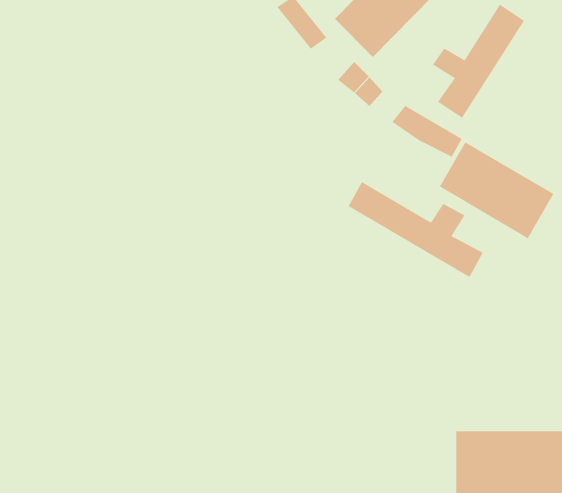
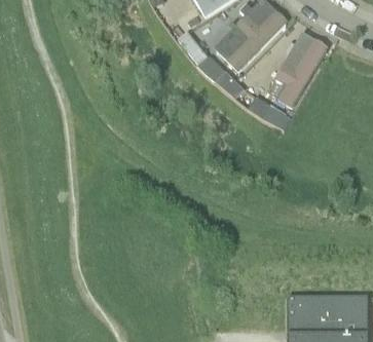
building: [439,141,554,239] -> none
building: [348,181,483,278] -> none

